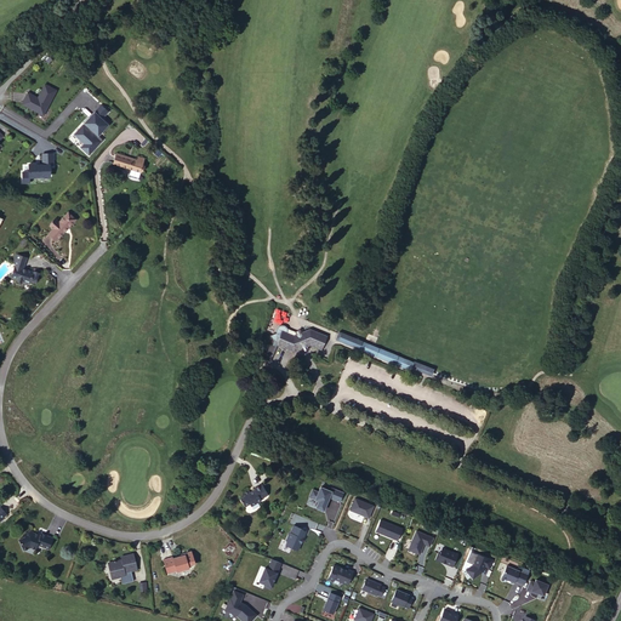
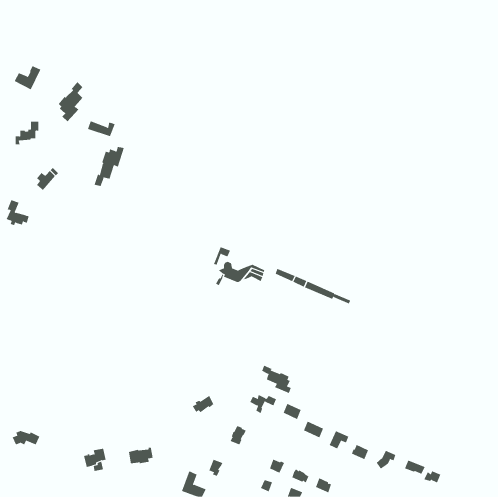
building: none -> [94,146,124,187]
building: none -> [261,365,291,394]

